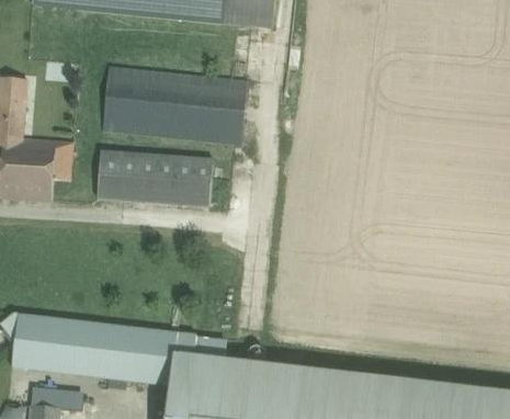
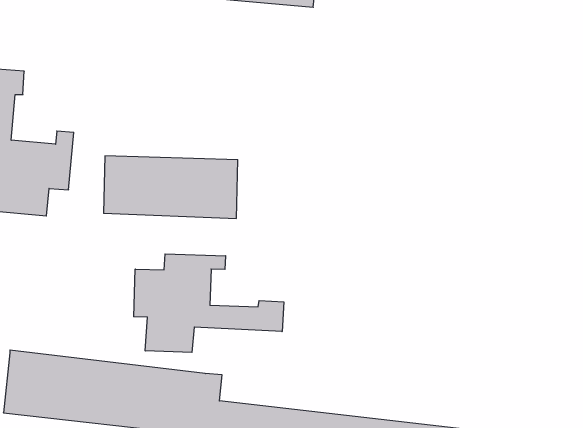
building: [102,65,247,144] -> none
building: none -> [134,254,284,352]

